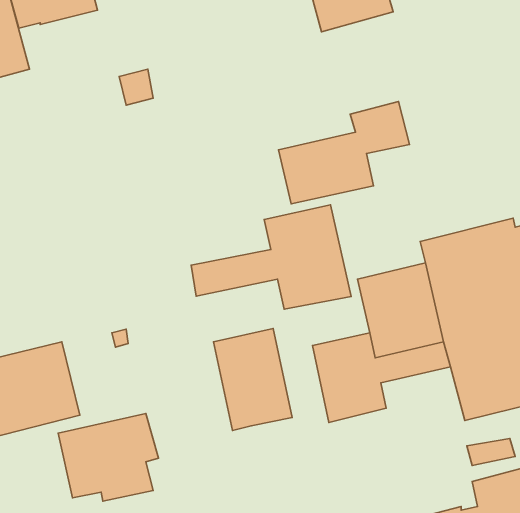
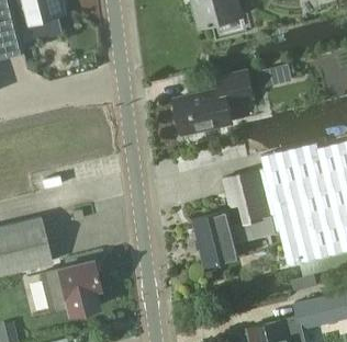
building: [191,205,351,309] -> none
building: [214,329,292,430] -> none

